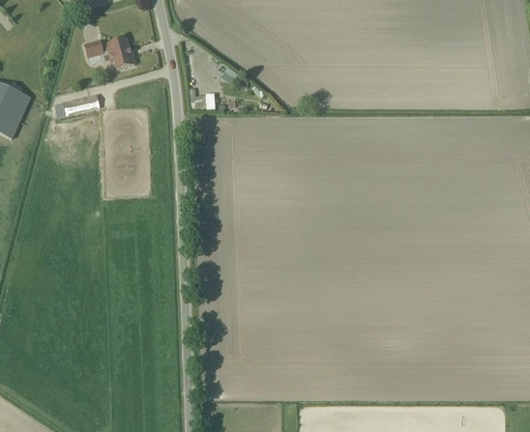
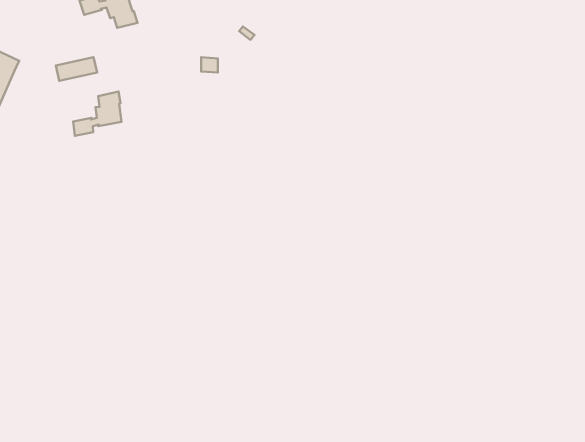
building: none -> [73,92,121,136]

